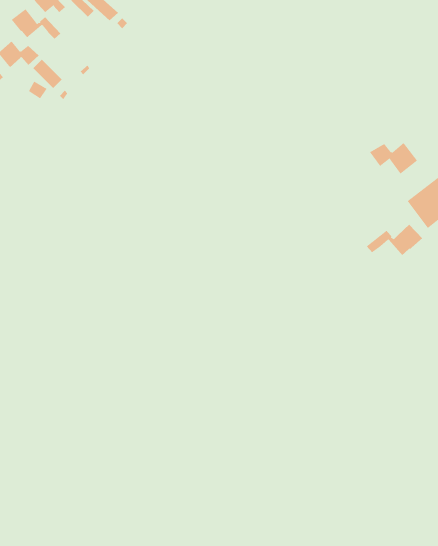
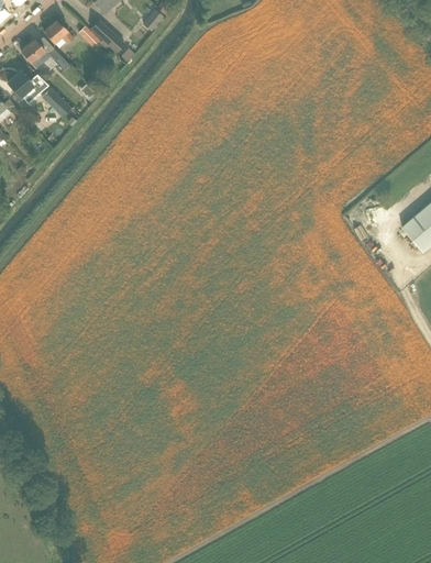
building: [369,142,418,174] -> none
building: [366,224,423,256] -> none

